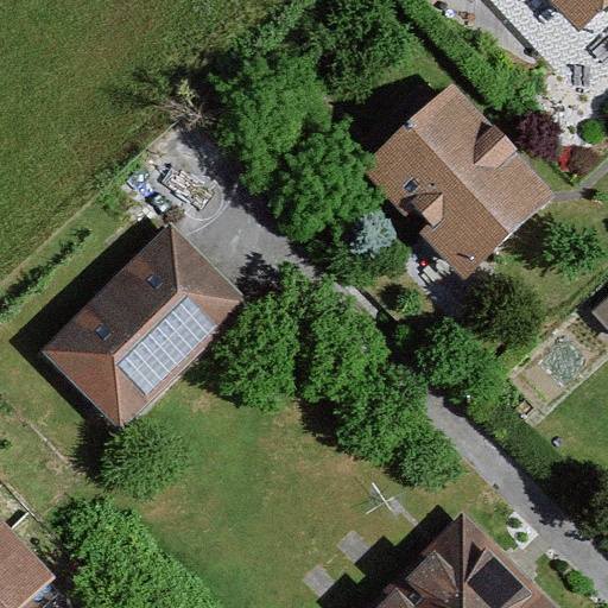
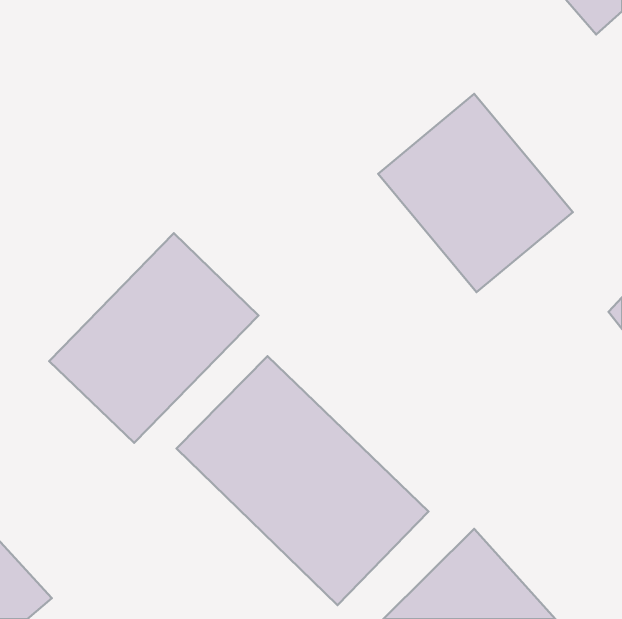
building: none -> [176,356,429,605]

